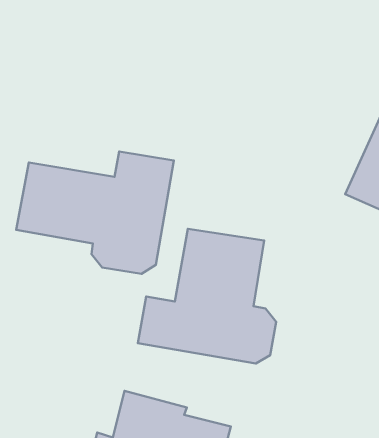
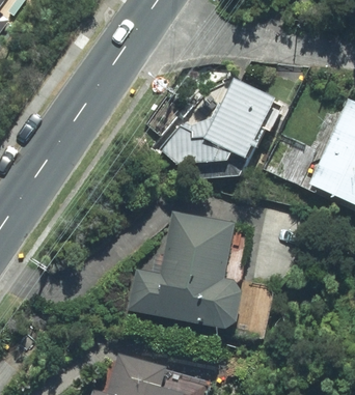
building: none -> [159,78,280,179]
building: [16,152,174,274] -> none

